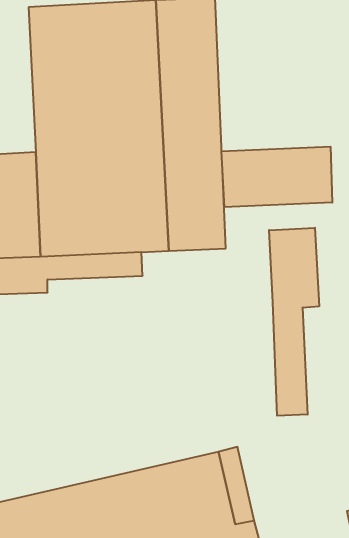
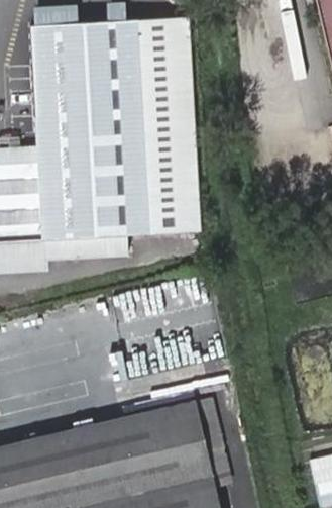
building: [222,147,332,207] -> none
building: [269,228,319,416] -> none

